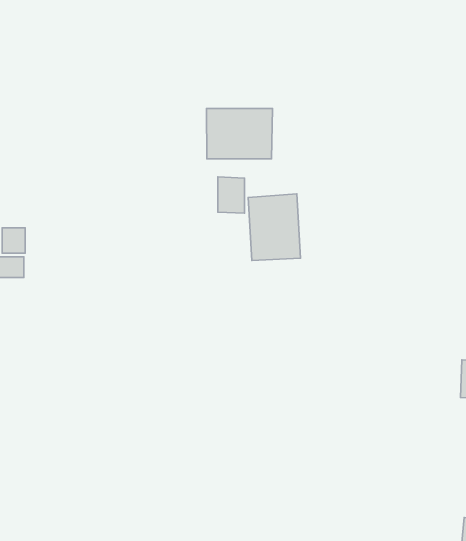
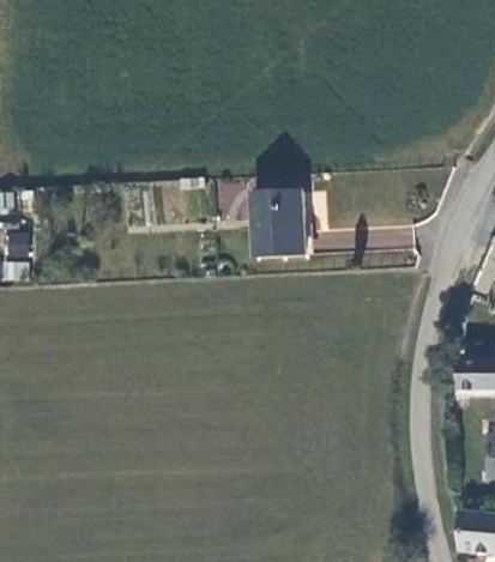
building: [207,108,273,159] -> none

